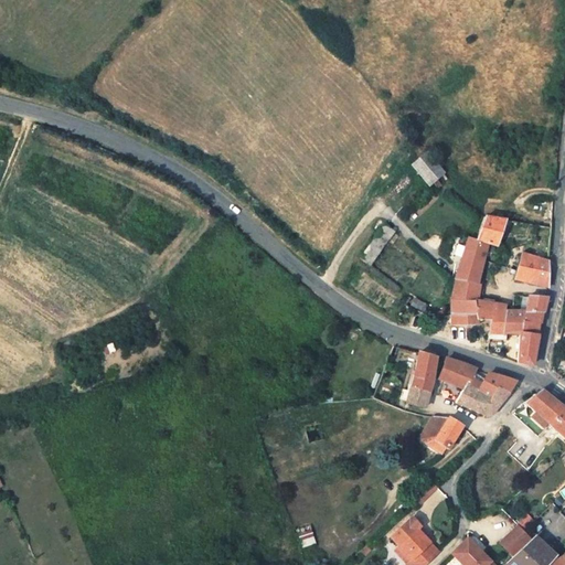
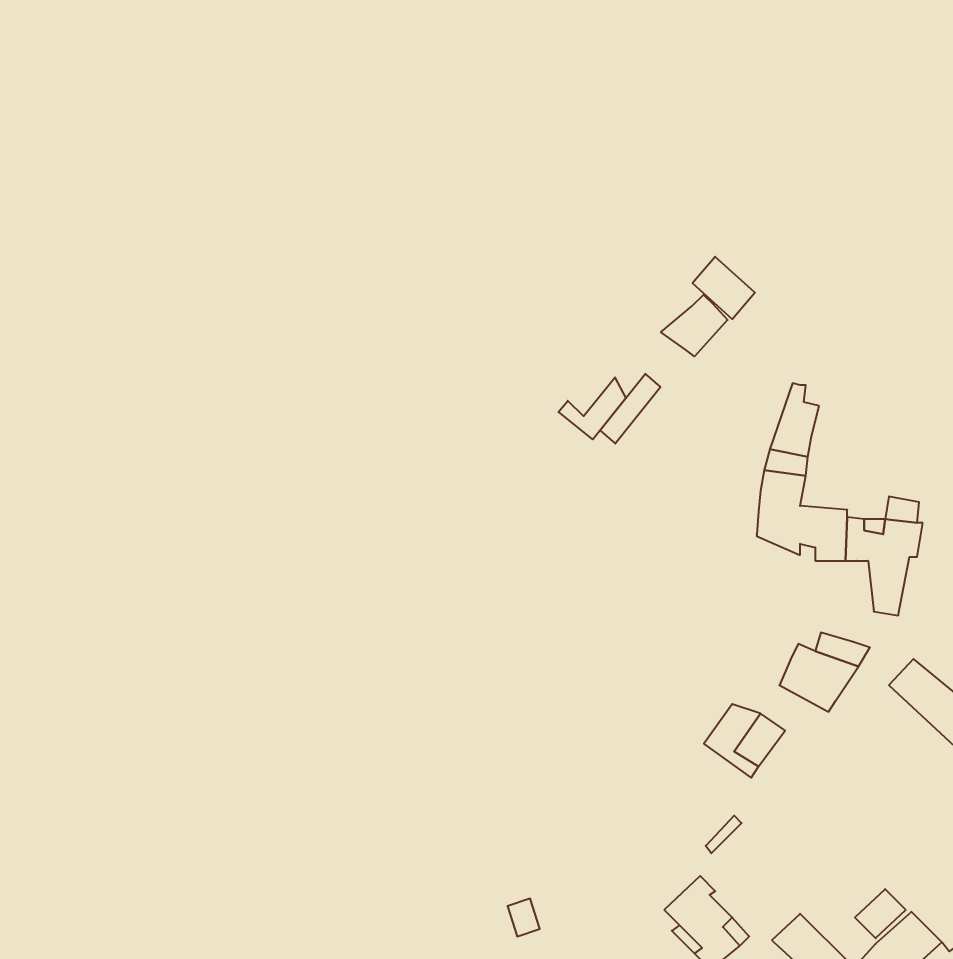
building: none -> [661,295,728,356]
building: [477,214,500,243] -> none
building: none -> [558,377,626,439]
building: [513,253,547,285] -> none
building: [412,353,437,407] -> none
building: [441,360,478,388] -> none

